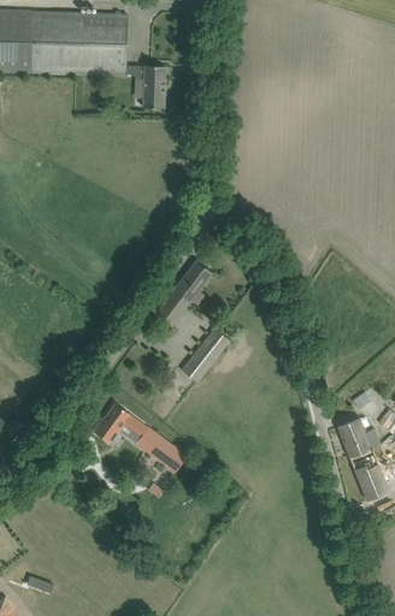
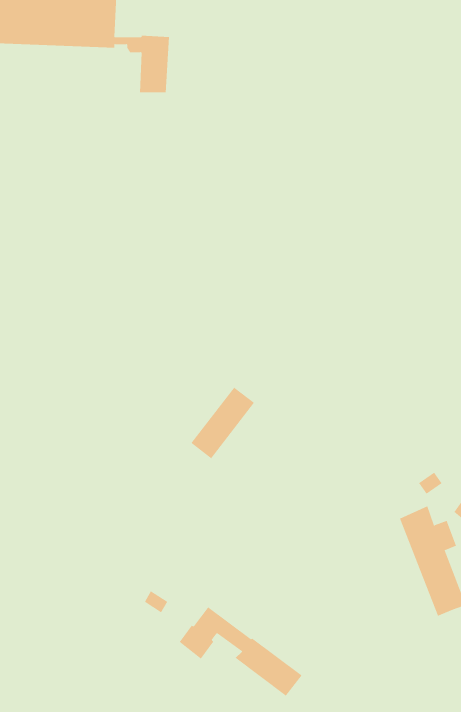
building: [154,260,211,326] -> none
building: [93,404,185,472] -> [179,607,302,696]

